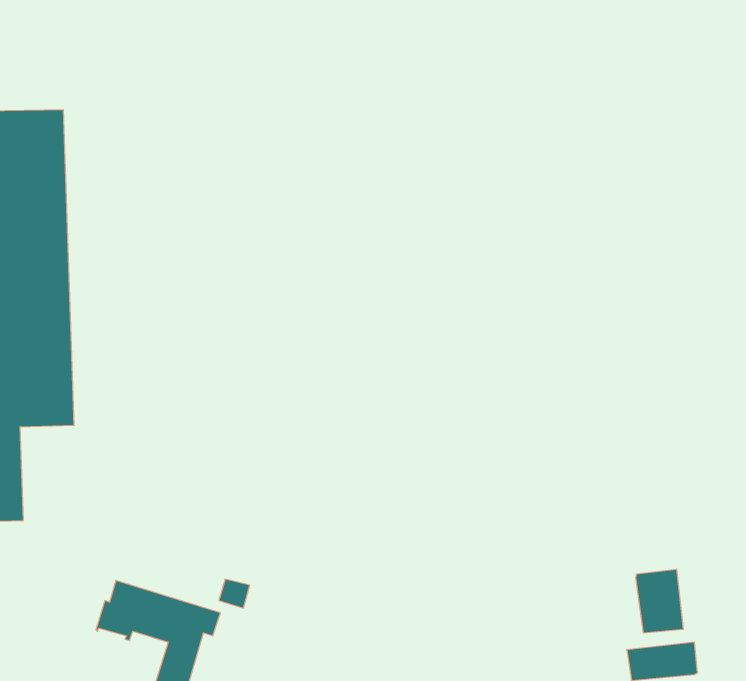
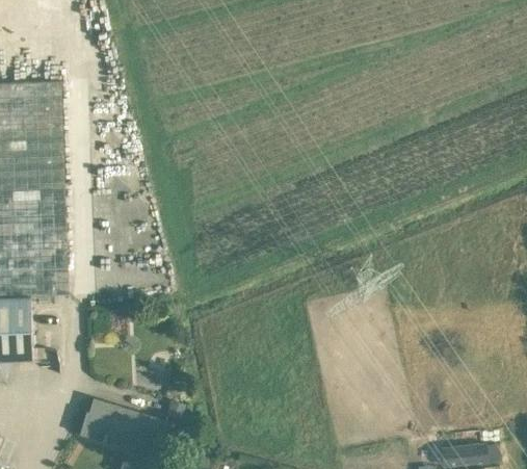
building: [636,569,683,633] -> none

